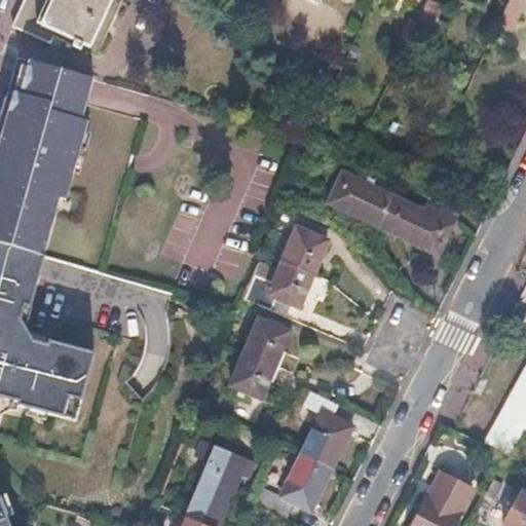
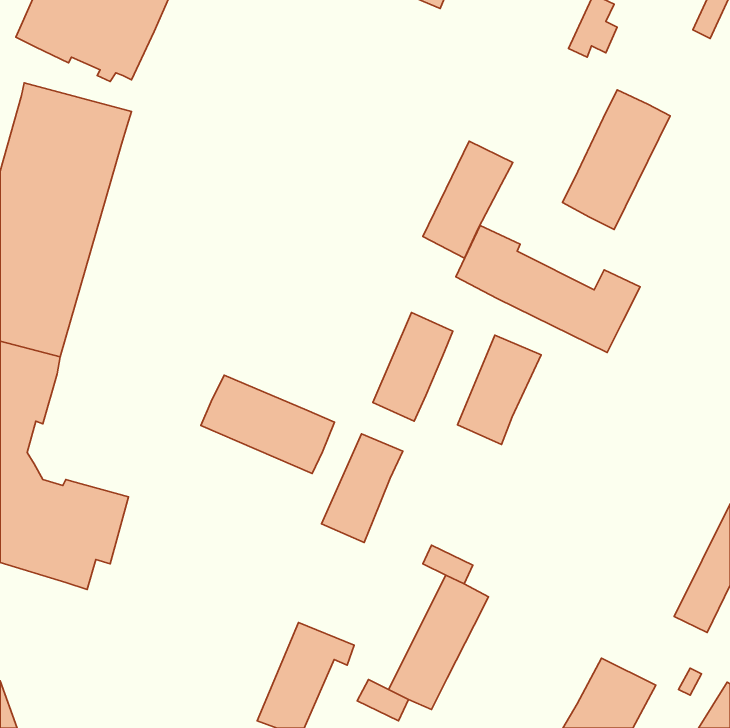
building: none -> [563,90,670,229]
building: none -> [423,141,513,258]
building: none -> [458,335,541,444]
building: none -> [201,375,335,474]

